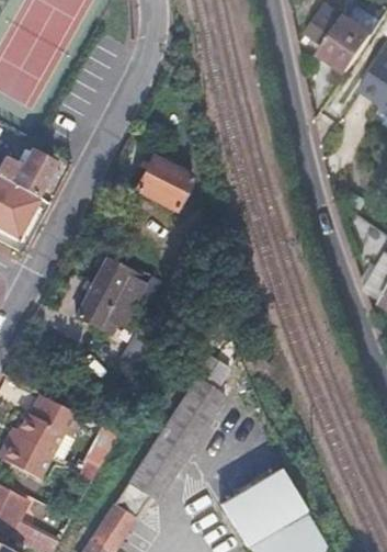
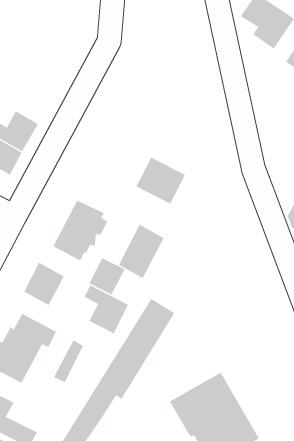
building: [136,156,197,214] -> [135,157,186,204]
building: none -> [118,224,164,279]
building: none -> [23,262,65,306]
building: none -> [84,284,129,334]

